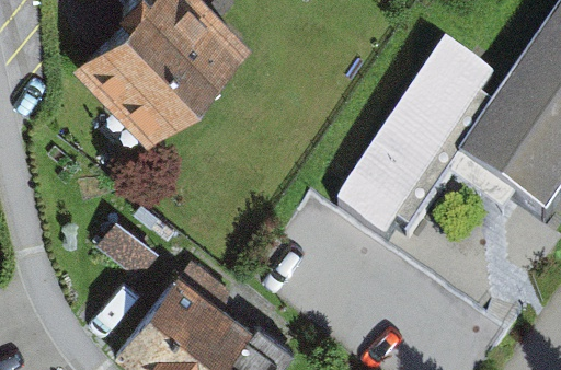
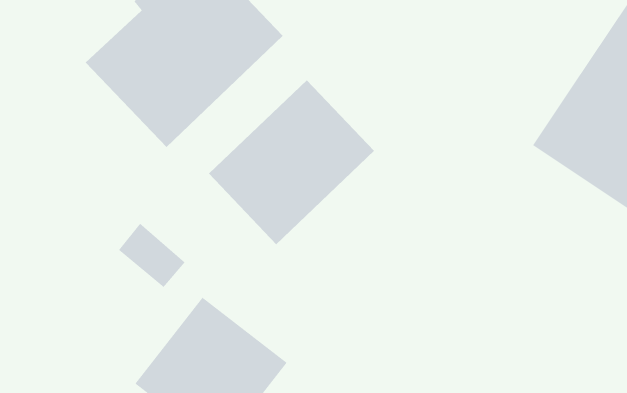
building: [339,37,494,230] -> none
building: none -> [208,79,375,245]

